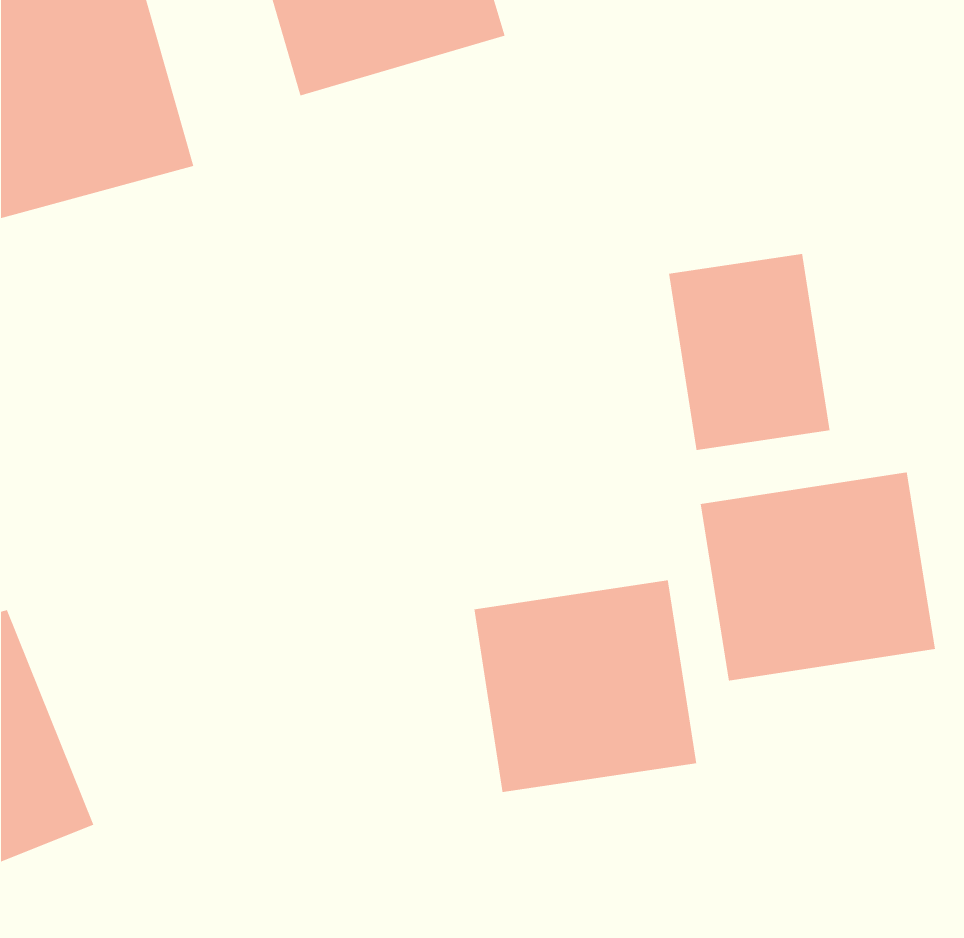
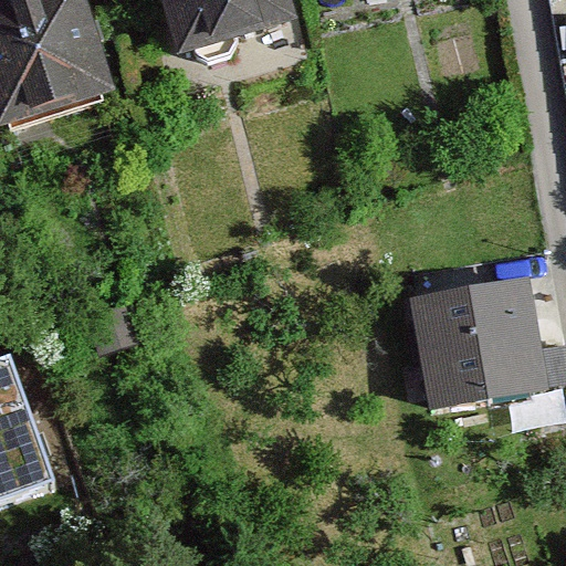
building: [669,253,830,451] -> none
building: [474,580,697,793] -> none

